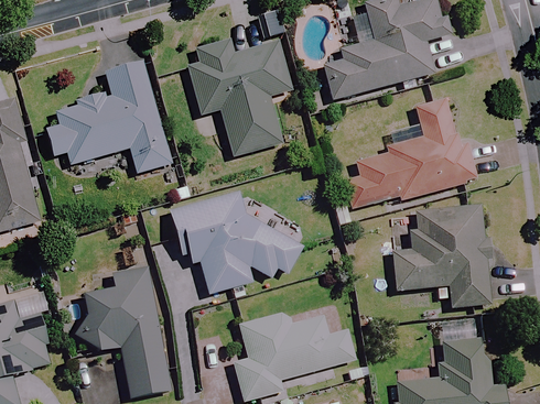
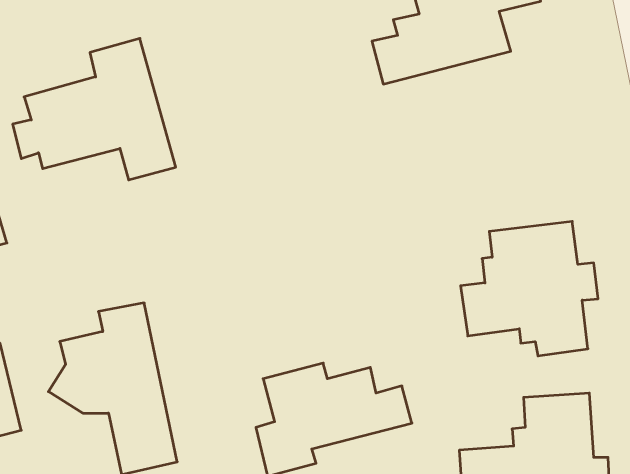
building: [188,41,295,156] -> none
building: [344,98,479,208] -> none
building: [171,193,301,294] -> none

